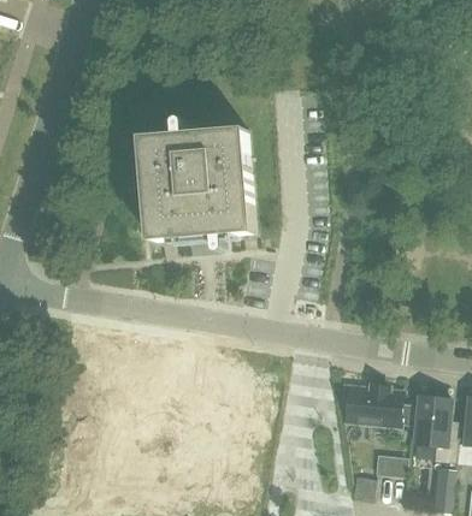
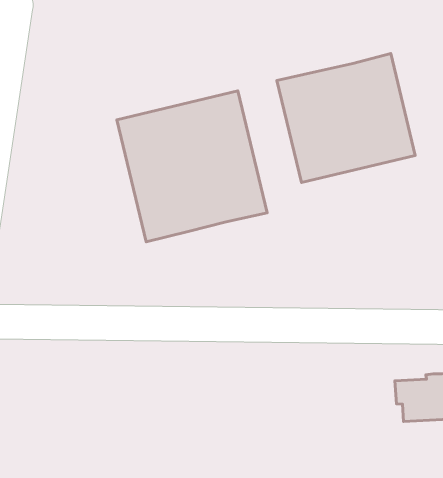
building: none -> [277,54,415,182]

